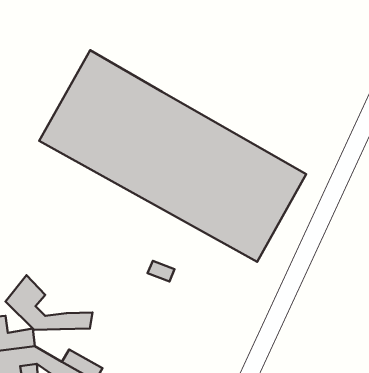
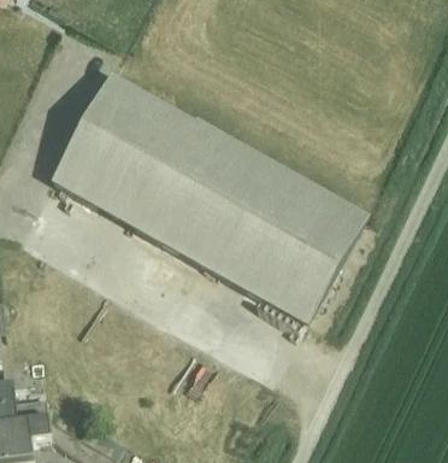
building: none -> [51,117,369,324]
building: [5,275,93,330] -> none

